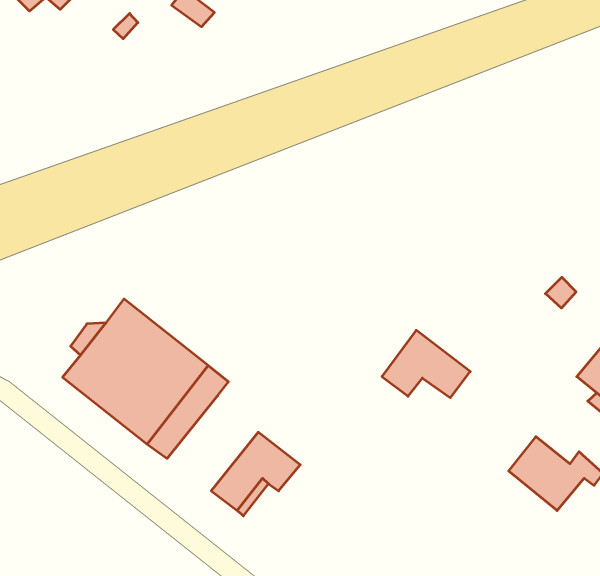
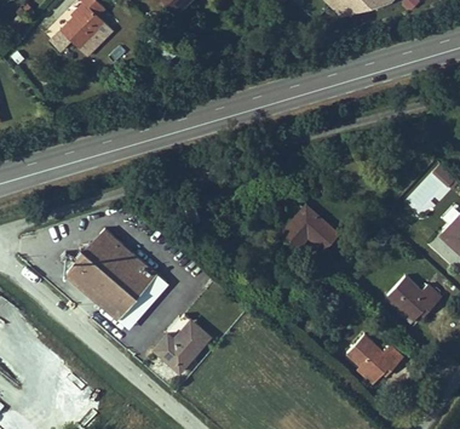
building: [382,330,470,398] -> [284,207,340,251]

